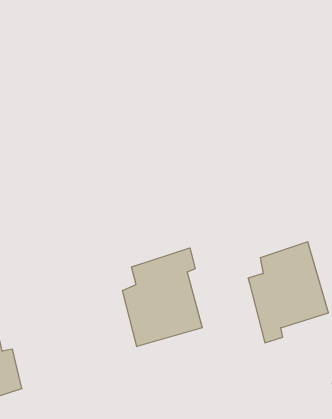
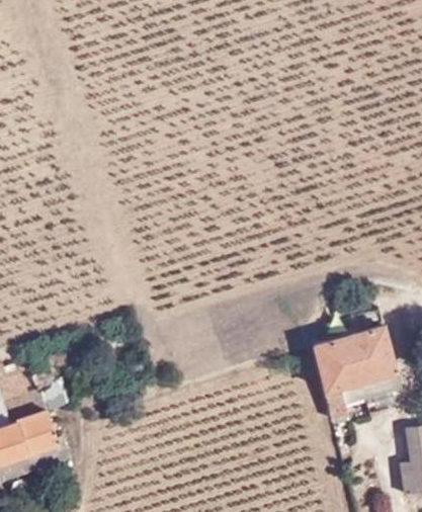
building: [123,248,202,347] -> none

